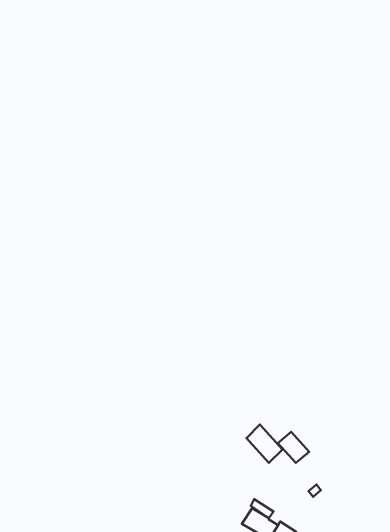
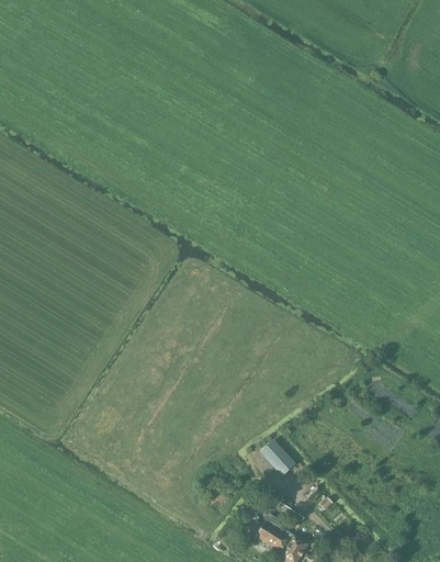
building: [278,432,309,463] -> none

